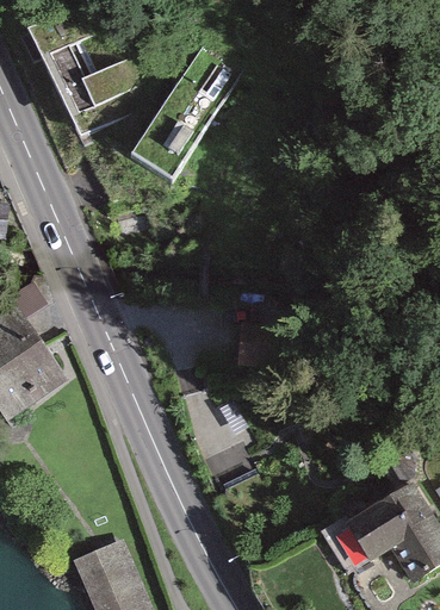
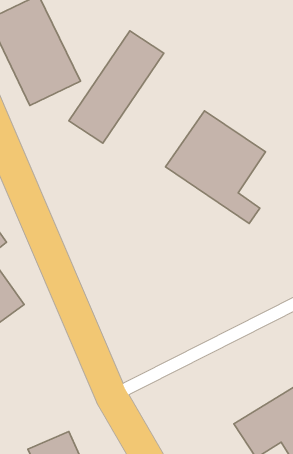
building: none -> [166,111,265,224]

